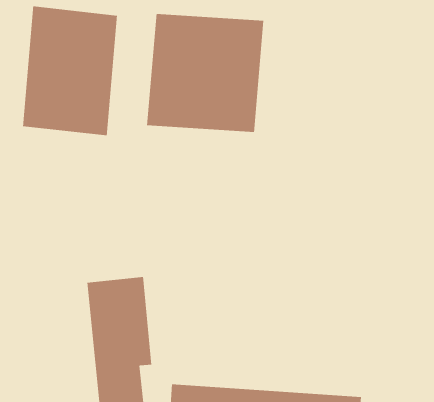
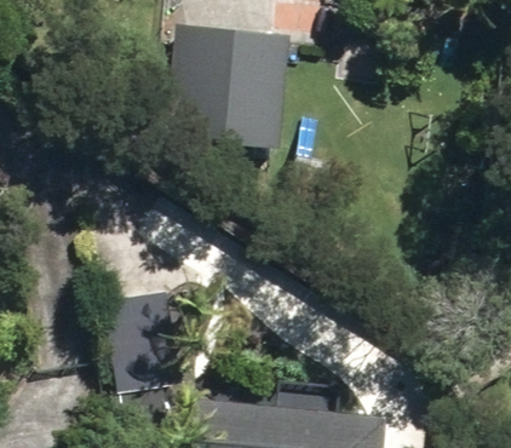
building: [23,6,118,136] -> none

